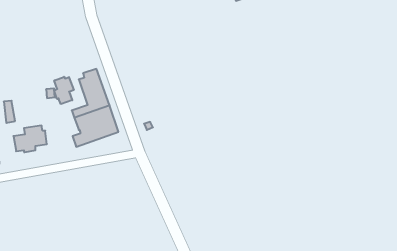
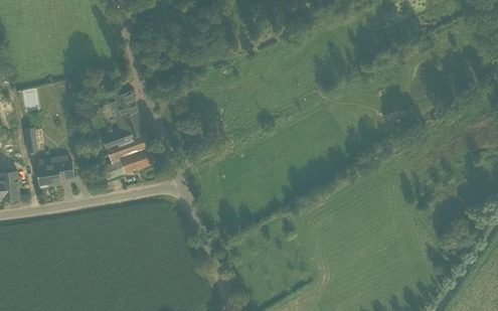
building: [54,77,74,104] -> none

